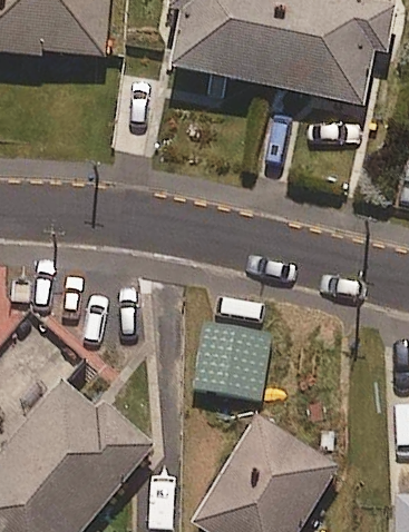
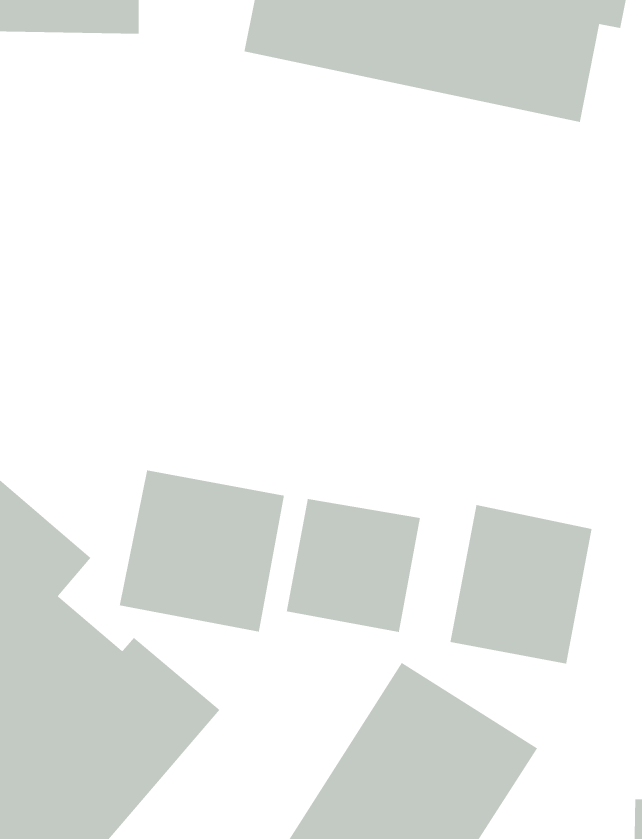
building: none -> [119,469,285,633]
building: none -> [450,504,592,664]

